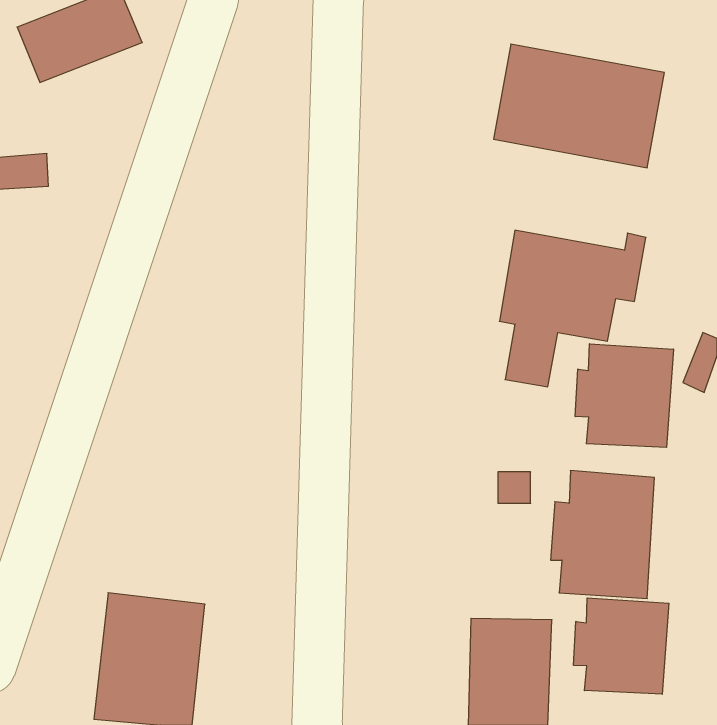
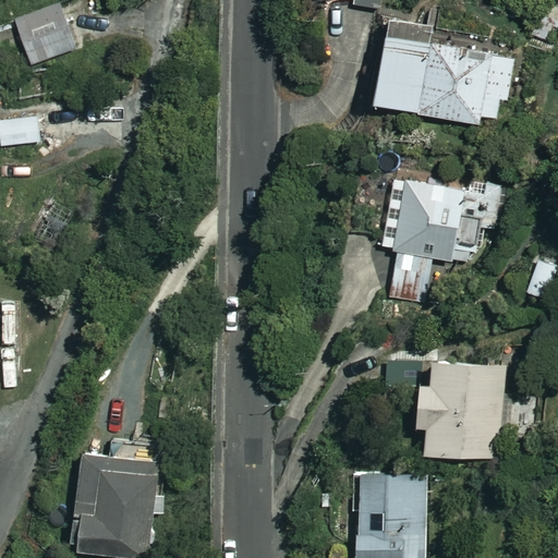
building: [575,344,673,447] -> none
building: [574,598,669,694] -> none

